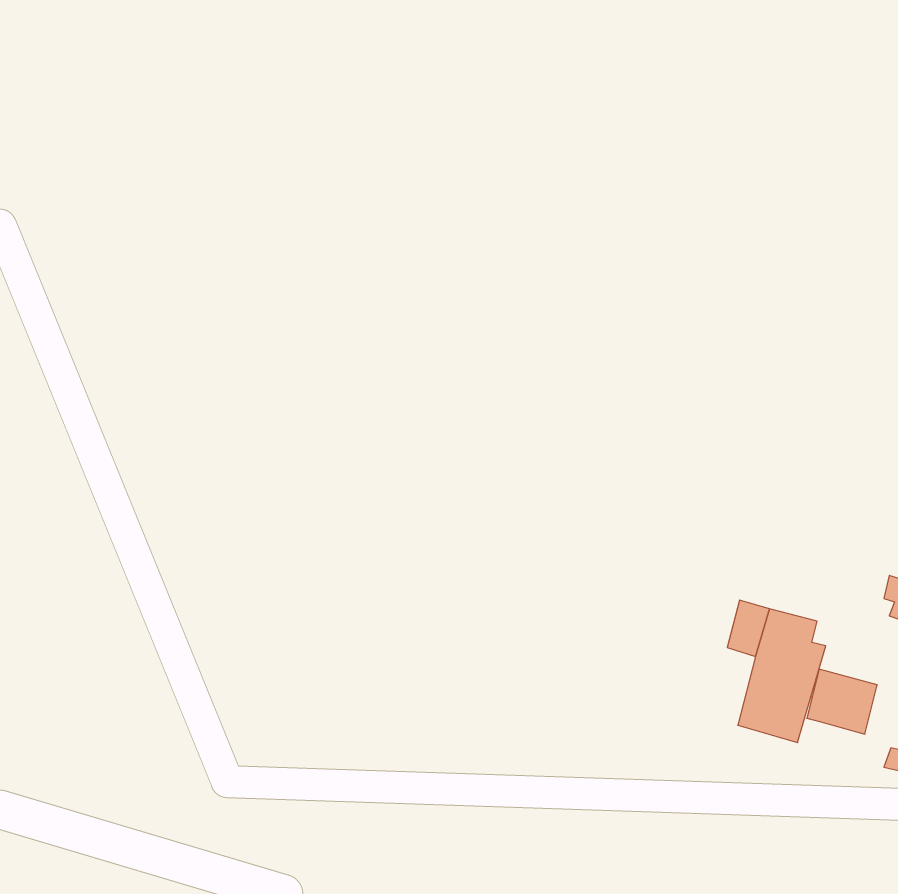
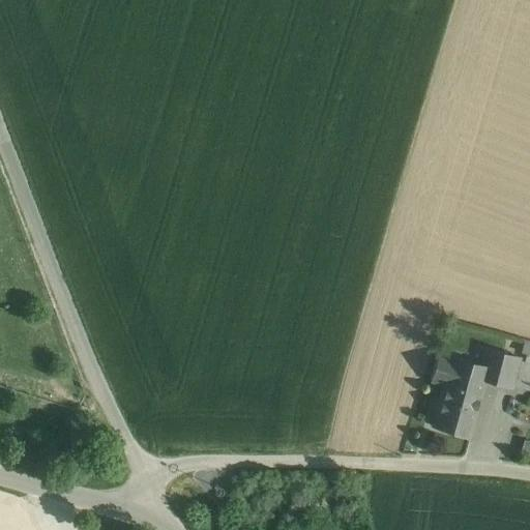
building: [807,669,877,734] -> [478,352,520,390]

